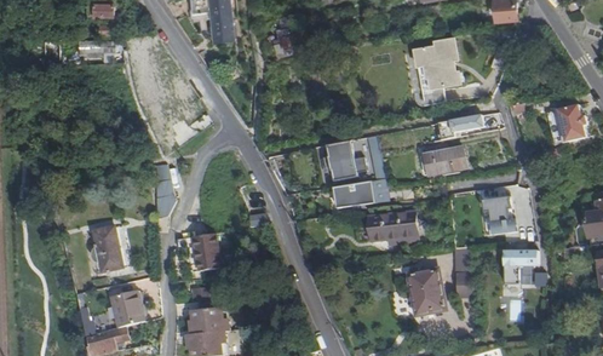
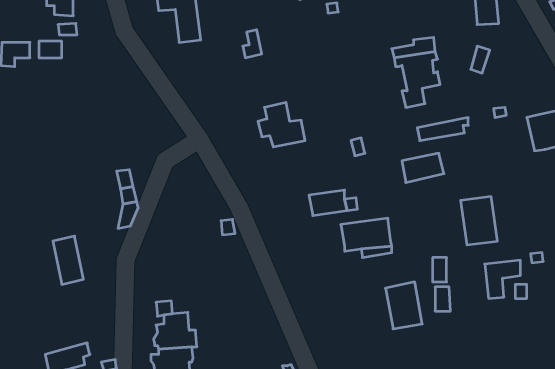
building: [323,139,368,182] -> [258,102,305,147]
building: [193,234,219,271] -> none
building: [110,293,143,328] -> none

